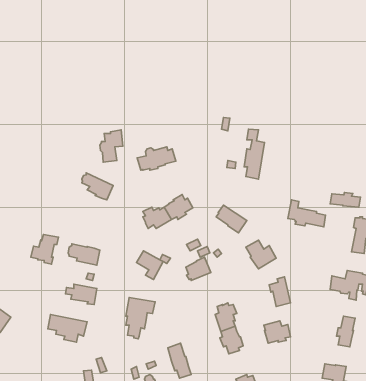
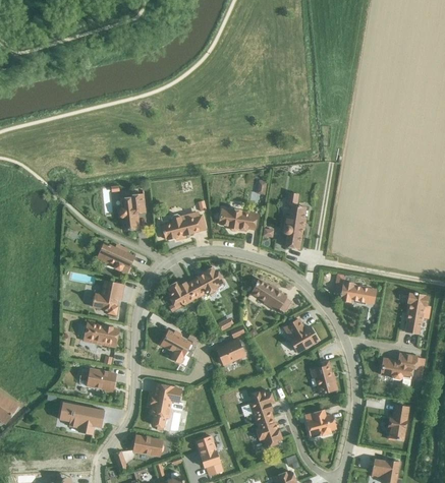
building: none -> [218,208,257,230]
building: [330,193,361,207] -> none
building: [31,235,59,264] -> [92,281,123,314]
building: none -> [132,435,163,456]

